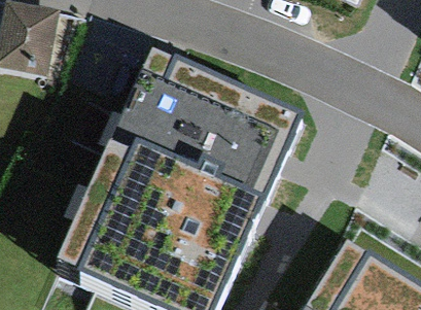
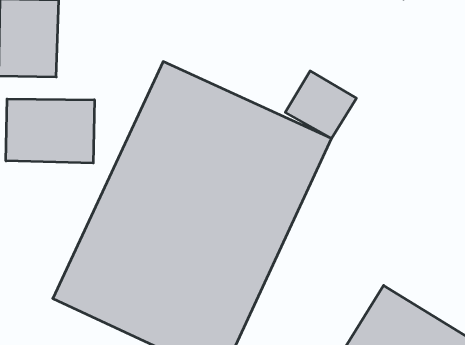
building: none -> [6,99,94,163]

